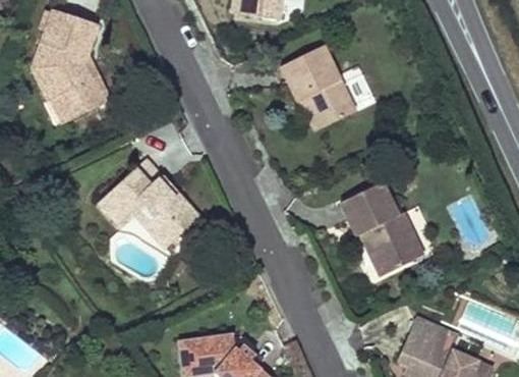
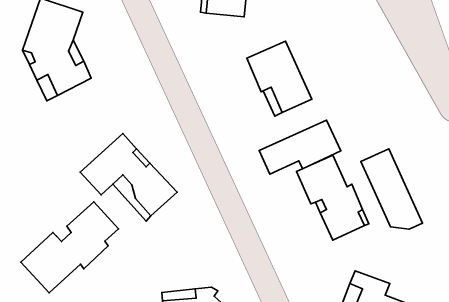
building: none -> [259,120,341,174]
building: none -> [361,149,422,229]
building: none -> [21,202,119,293]

